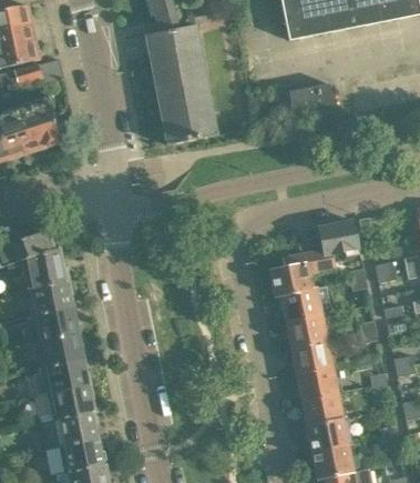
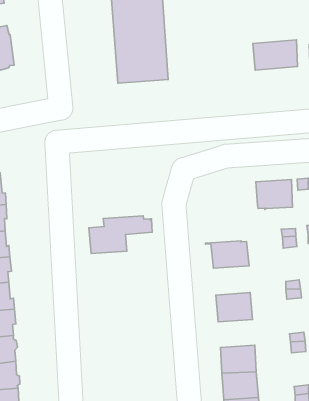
building: [268,250,332,294] -> [89,216,152,254]
building: [285,312,325,345] -> none
building: [296,365,336,398] -> none

